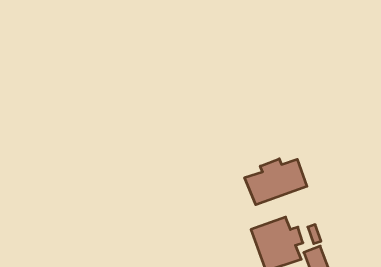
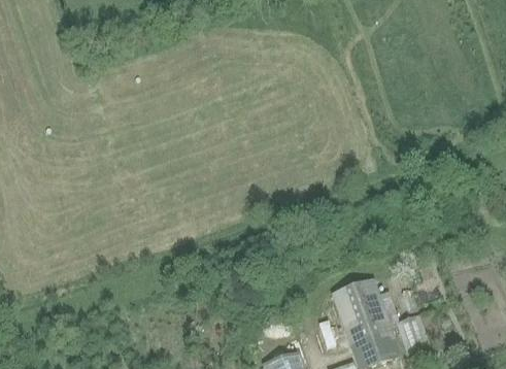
building: [245,159,307,205] -> none

